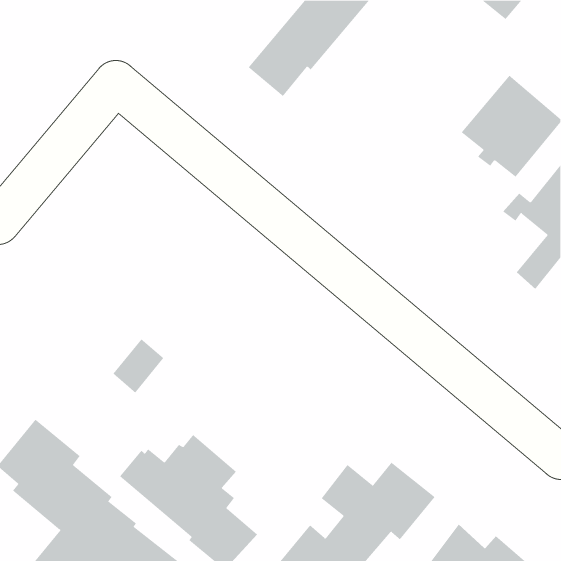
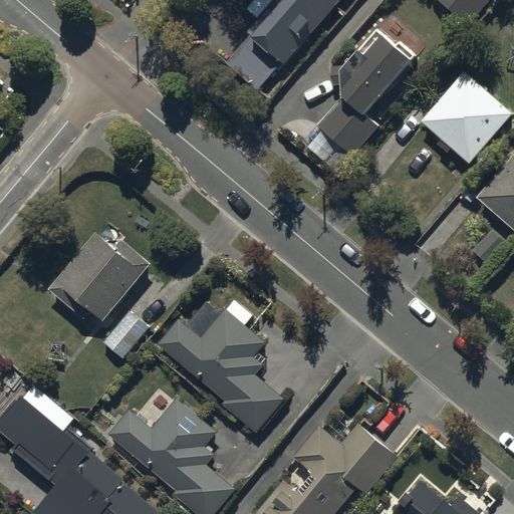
building: none -> [316,28,415,157]
building: none -> [46,230,150,324]
building: none -> [157,299,285,434]

